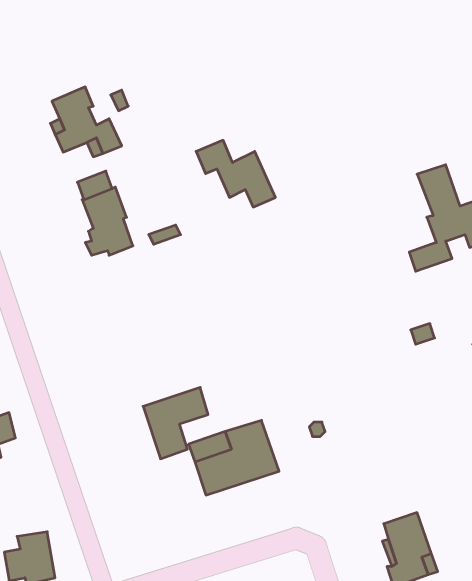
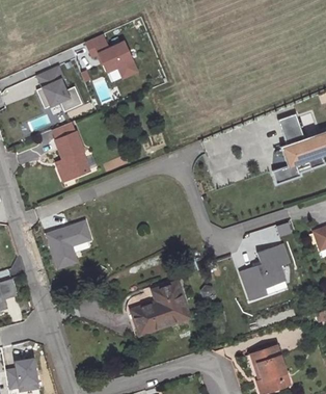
building: [196,140,275,207] -> [86,34,138,78]
building: none -> [238,245,288,303]
building: [143,387,208,459] -> [45,221,87,268]

